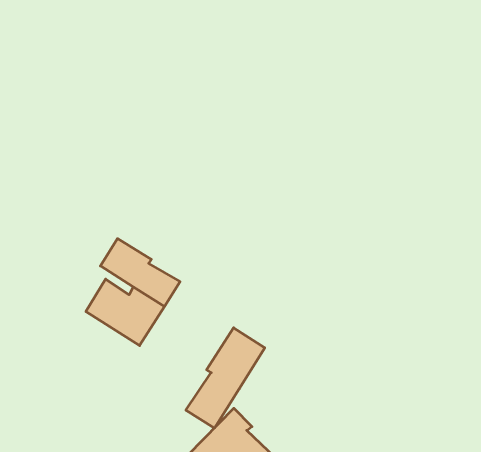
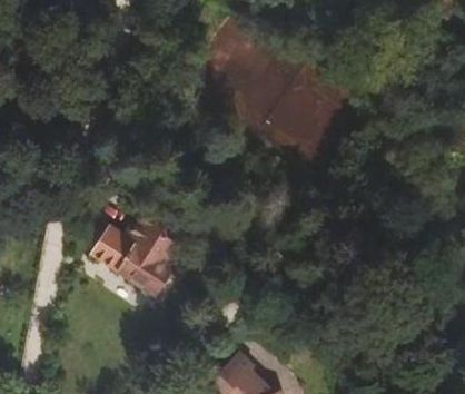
building: none -> [86,232,146,273]
building: [186,328,265,428] -> none

